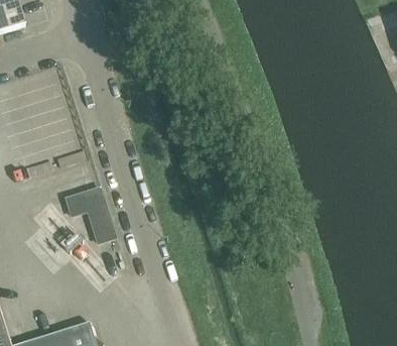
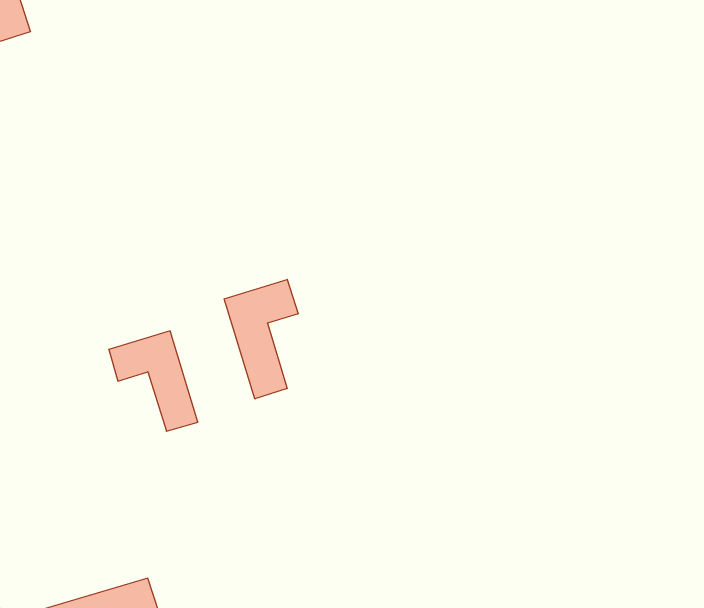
building: none -> [224,279,298,399]

